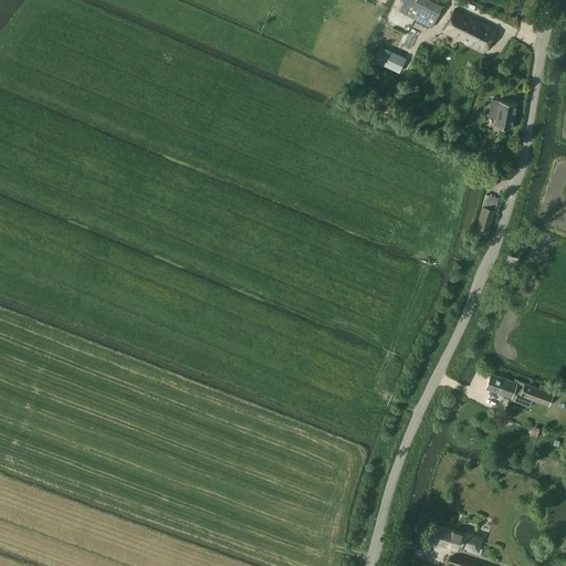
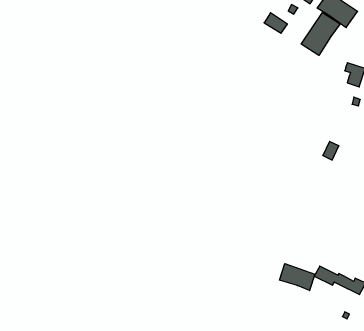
building: none -> [301,13,340,55]
building: none -> [279,264,315,291]

